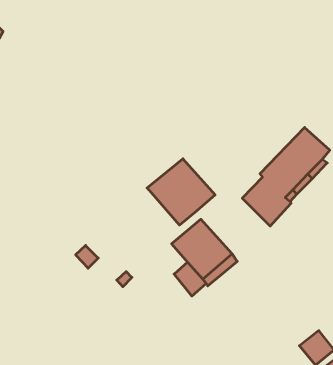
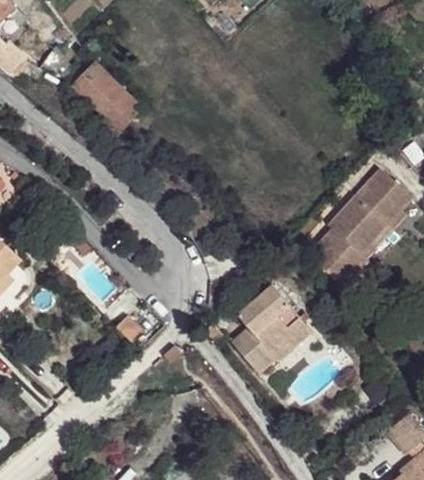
building: none -> [76,66,137,127]
building: [147,159,215,225] -> none

